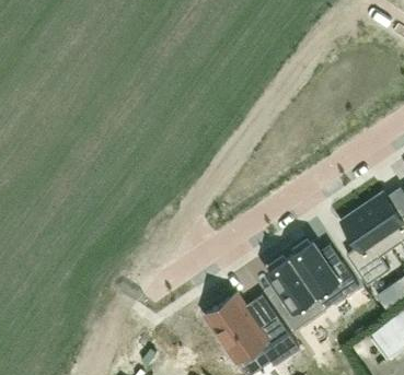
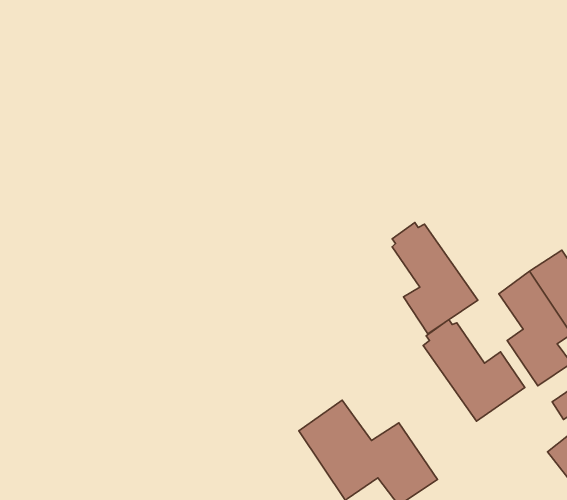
building: [268,257,326,332] -> [392,223,478,334]

